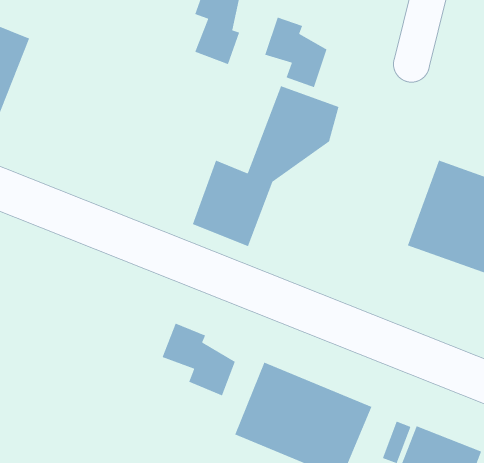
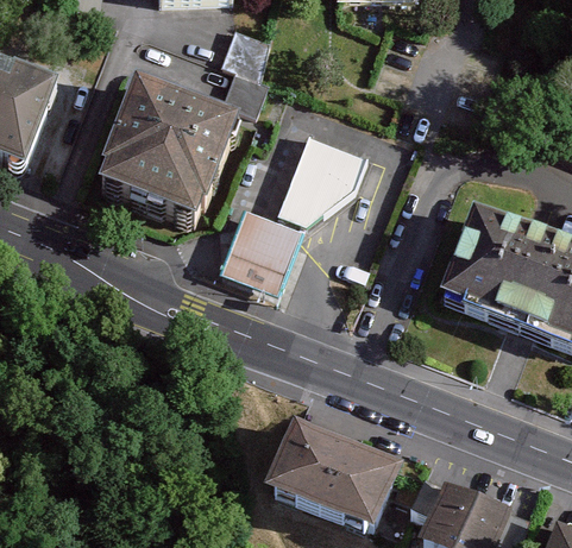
building: [264,17,327,88] -> none
building: none -> [93,81,238,227]
building: [161,323,236,396] -> none

